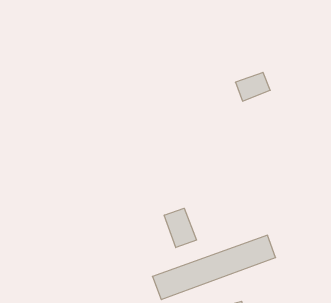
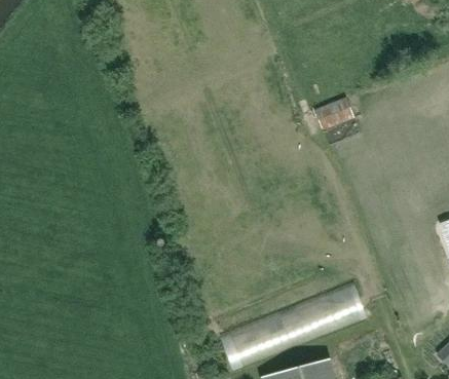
building: [164,208,196,248] -> none

